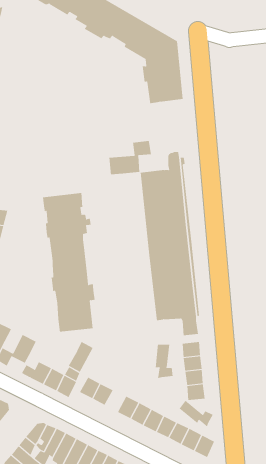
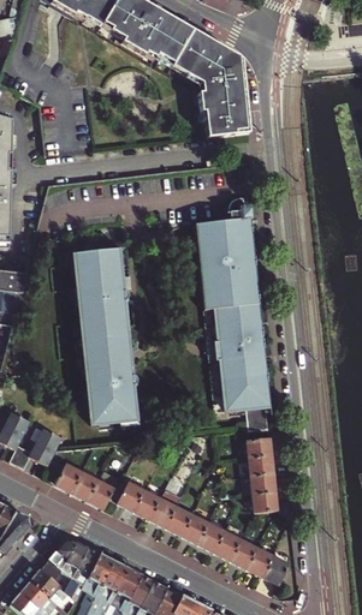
building: [109,140,151,175] -> none
building: [68,341,93,373] -> [150,486,183,526]
building: [155,344,173,379] -> none
building: [179,400,213,428] -> none

